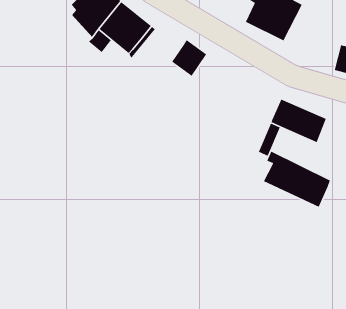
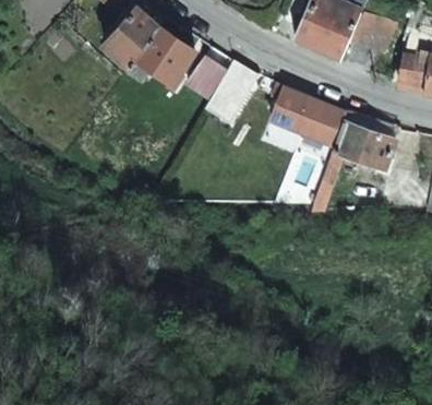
building: none -> [352,15,398,55]
building: none -> [187,57,229,100]
building: [263,151,331,208] -> [269,85,345,145]

